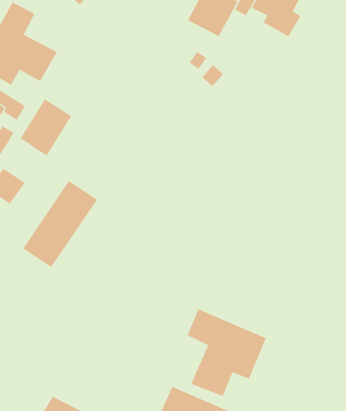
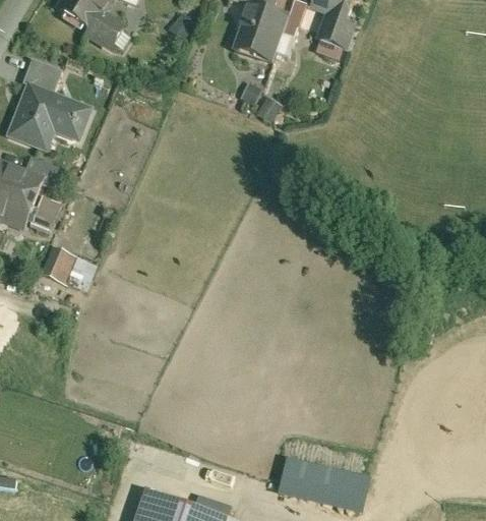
building: [20,99,72,156] -> none
building: [22,180,98,268] -> none
building: [187,308,266,397] -> none

